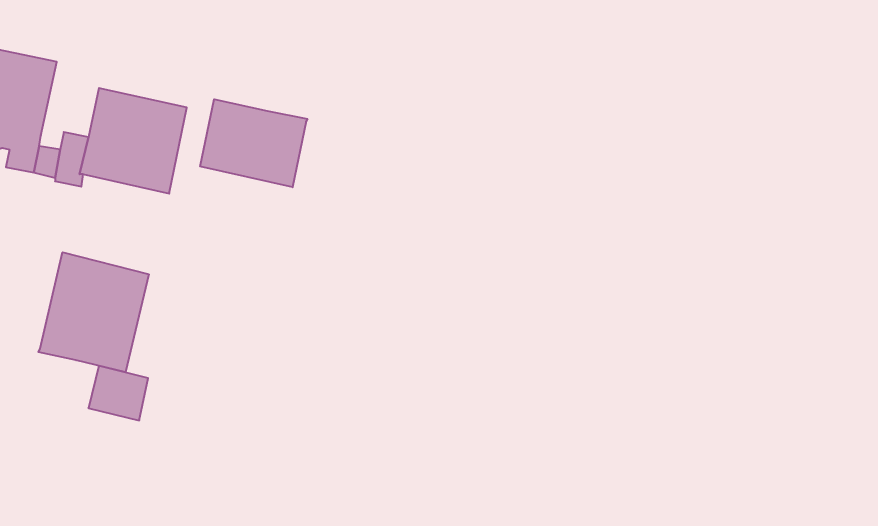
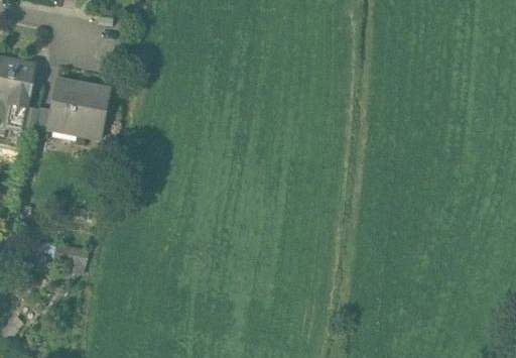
building: [200,99,307,187] -> none
building: [38,252,149,372] -> none

